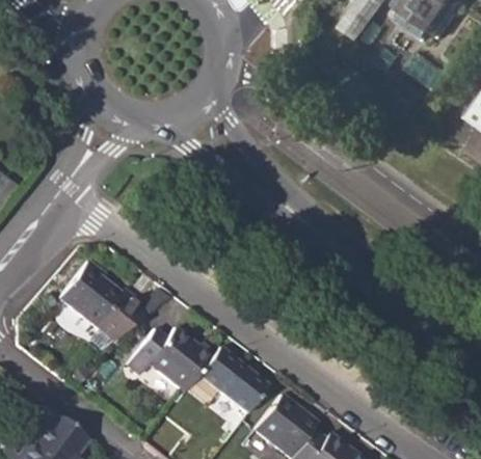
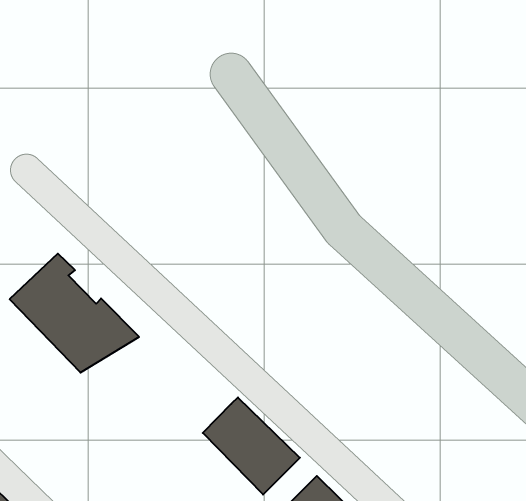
building: [128,324,220,389] -> none

